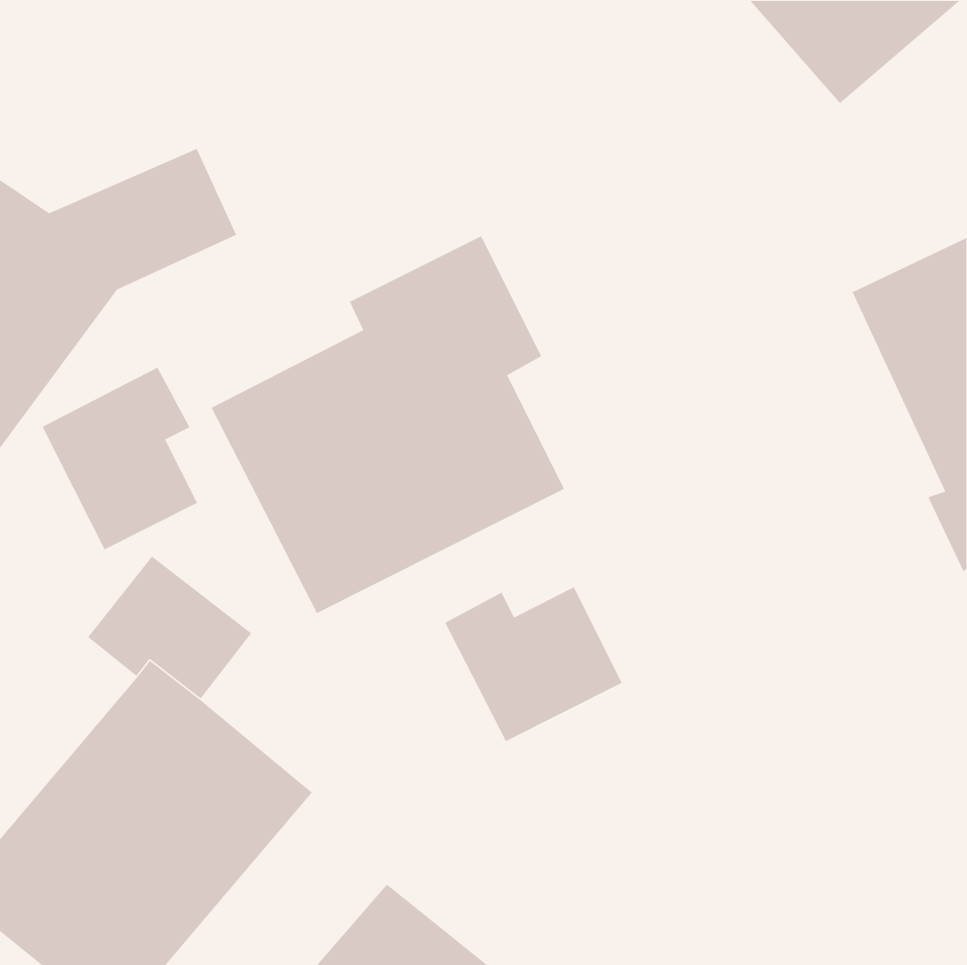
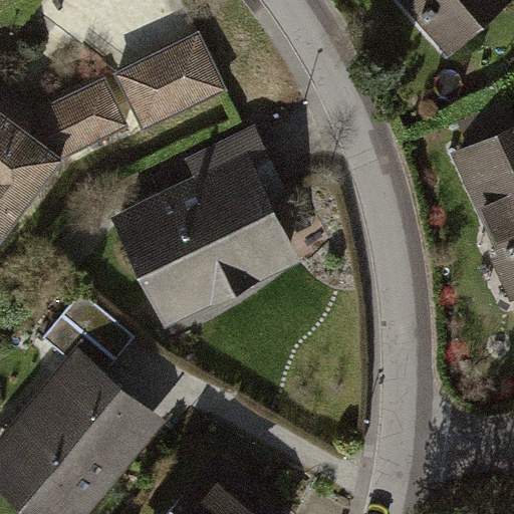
building: none -> [115,34,222,126]
building: [42,367,198,550] -> none
building: [444,586,623,742] -> none

